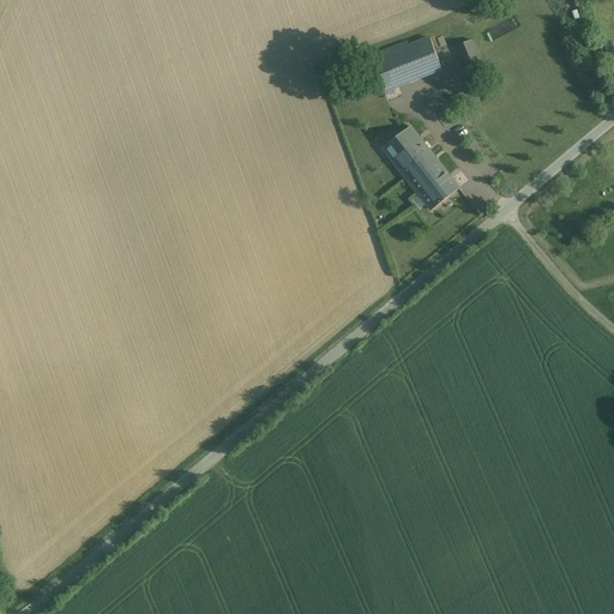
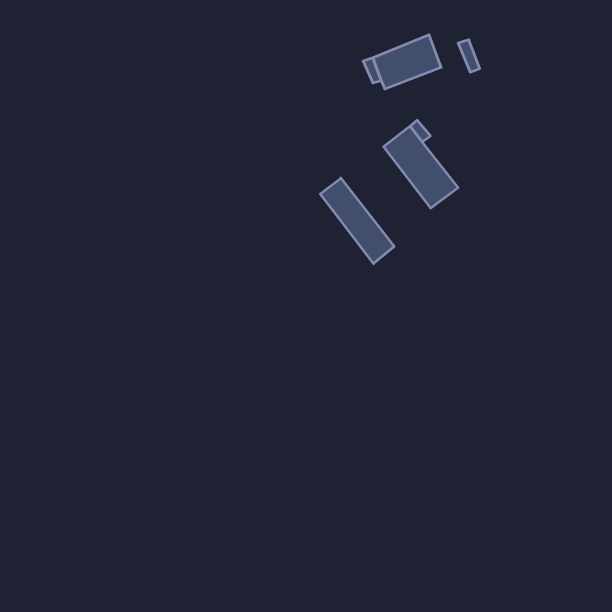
building: none -> [320,178,394,264]

